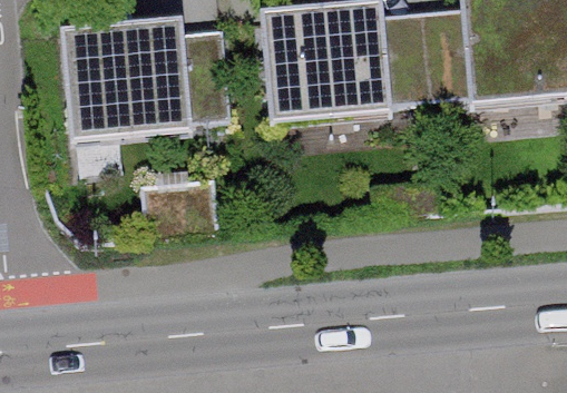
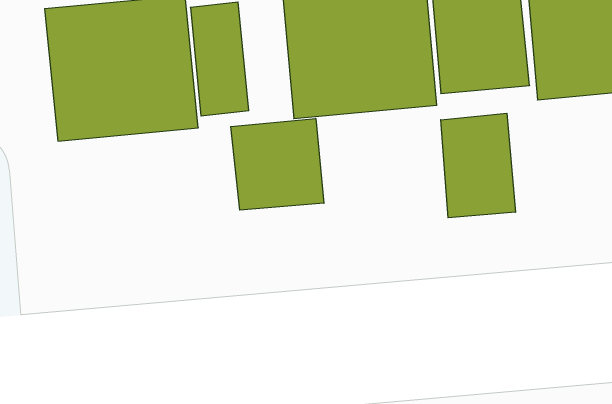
building: none -> [441,113,515,218]
building: none -> [231,118,324,210]

